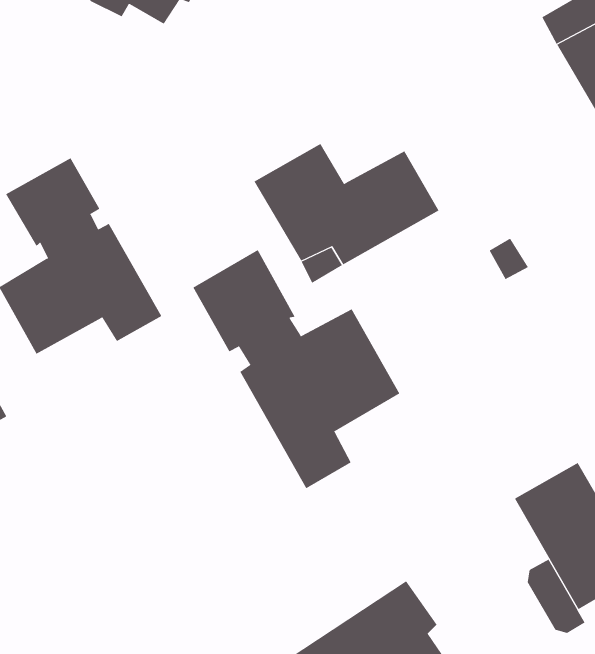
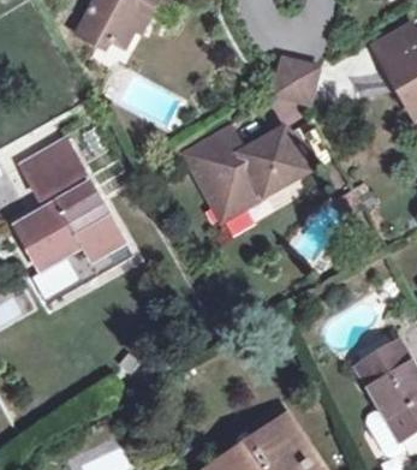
building: none -> [269,61,315,108]
building: [193,249,400,489] -> none

